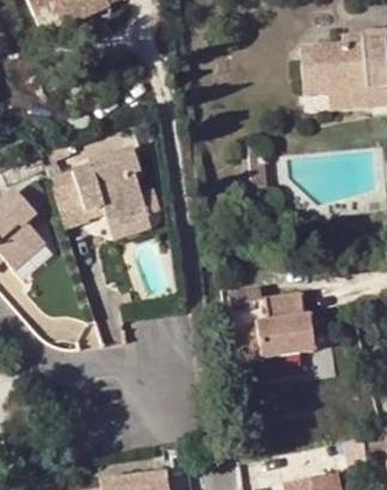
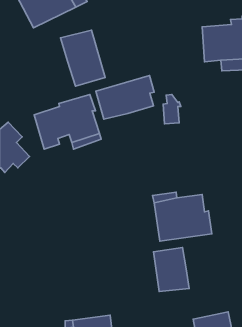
building: none -> [60,30,105,86]
building: none -> [96,76,154,119]
building: none -> [154,248,189,292]

